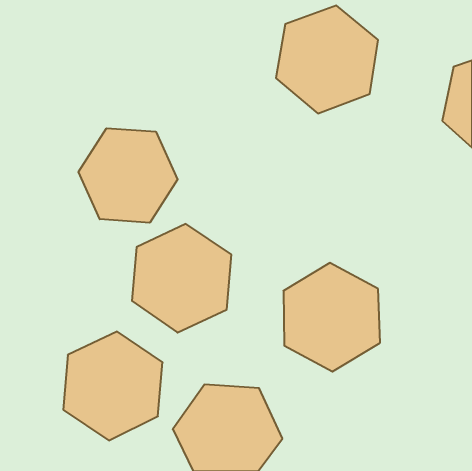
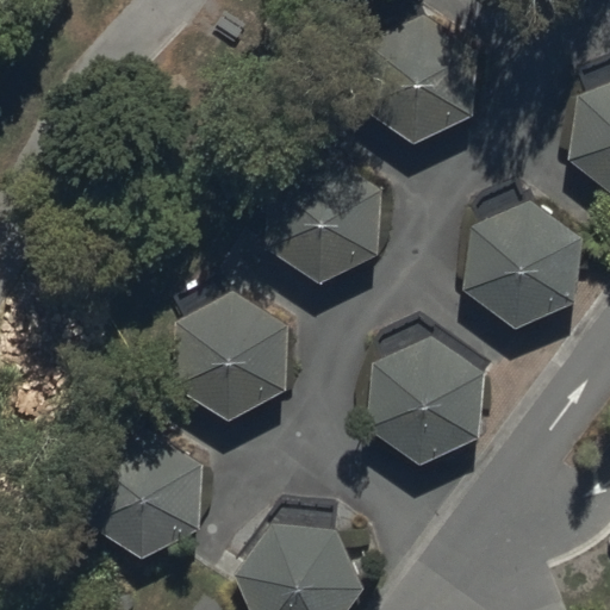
building: none -> [262,149,388,288]
building: [79,128,178,223] -> none
building: none -> [459,198,592,335]

